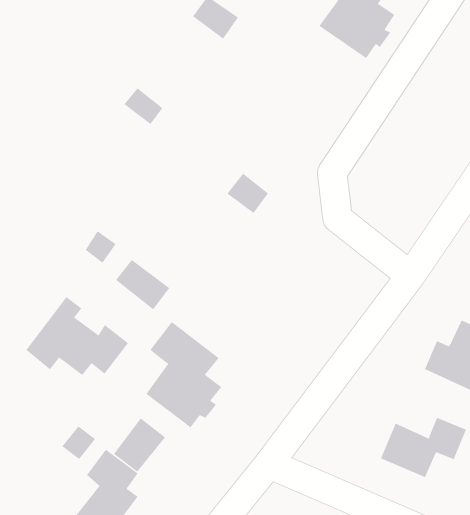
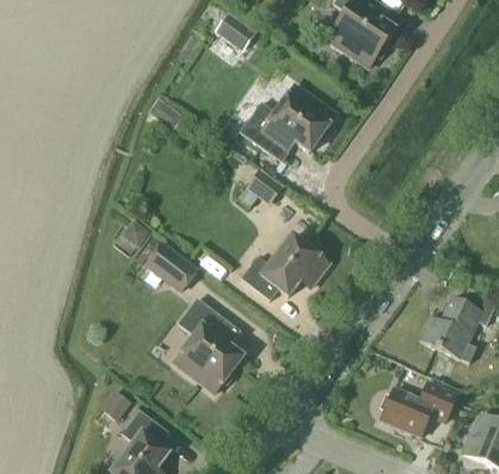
building: none -> [240,84,336,154]
building: none -> [241,235,329,300]
building: [25,296,129,376] -> none
building: [113,418,166,473] -> none

